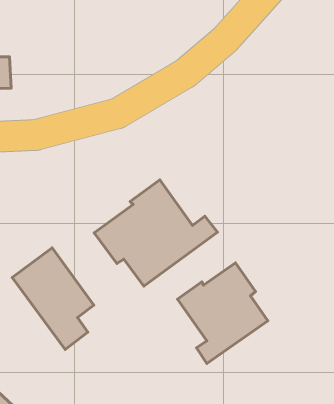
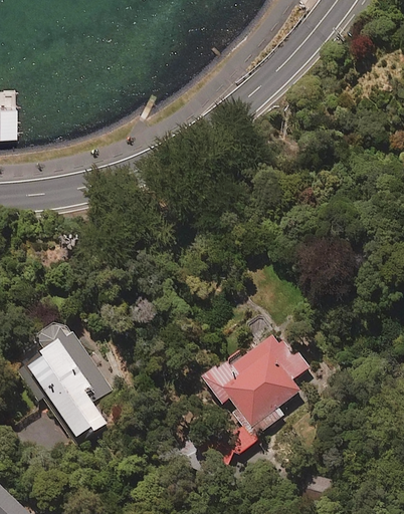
building: [94,180,217,286] -> none

